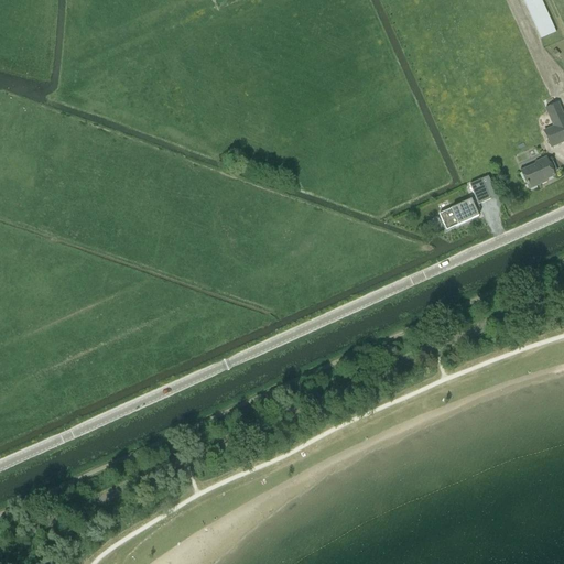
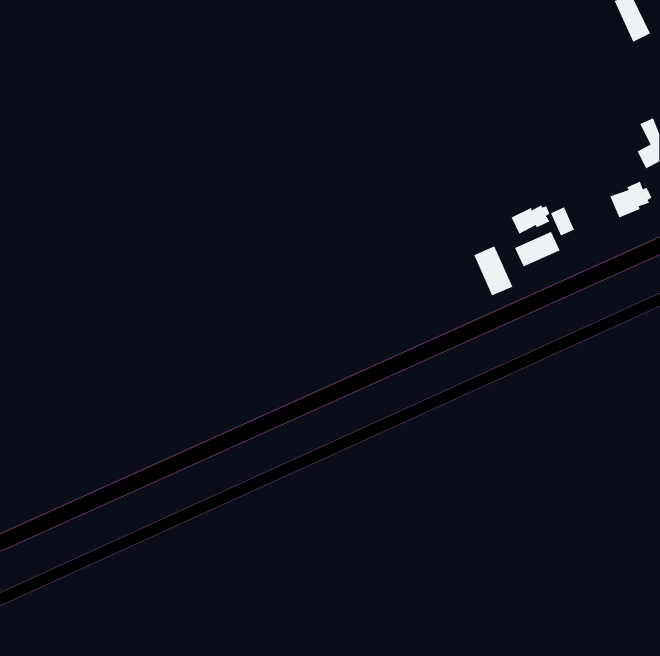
building: none -> [511,205,550,235]
building: none -> [473,246,513,296]

